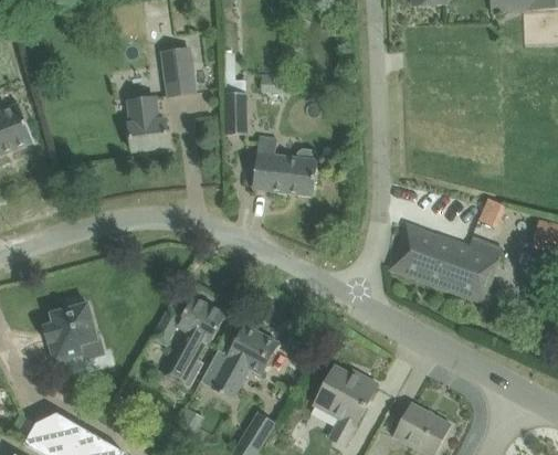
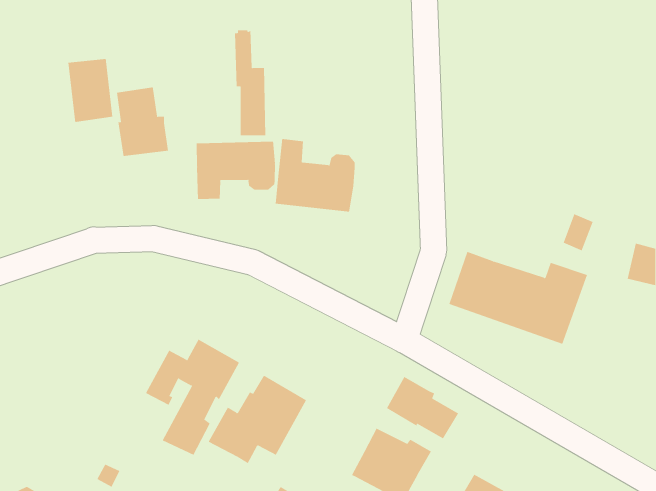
building: [160,47,197,98] -> [67,58,113,122]
building: none -> [196,141,275,200]
building: [42,297,106,362] -> none
building: none -> [386,376,459,439]

